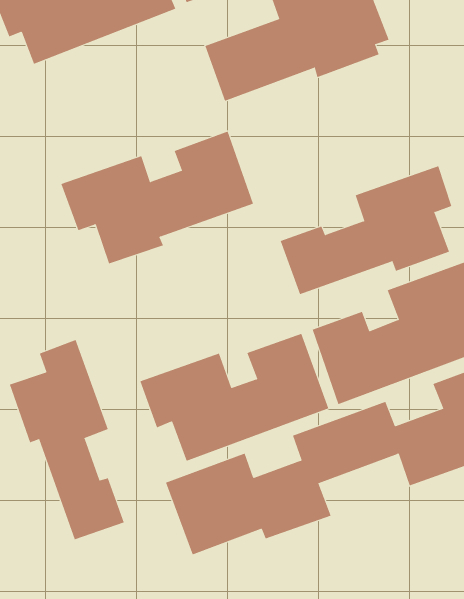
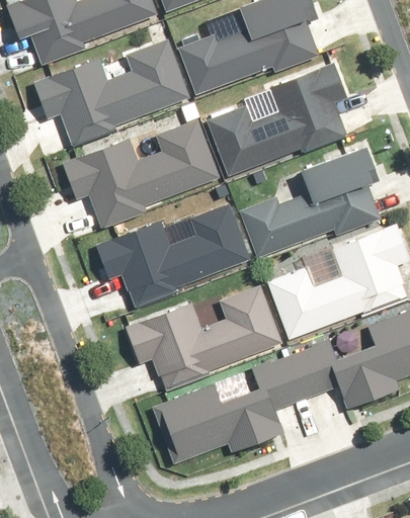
building: none -> [30,41,188,146]
building: none -> [207,59,348,166]
building: none -> [85,192,244,301]
building: [9,339,124,540] -> none

